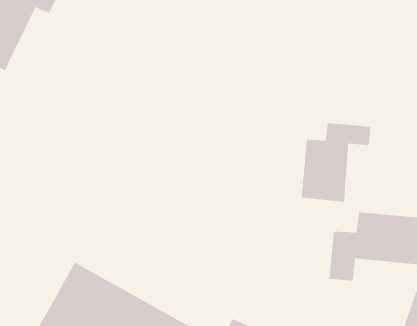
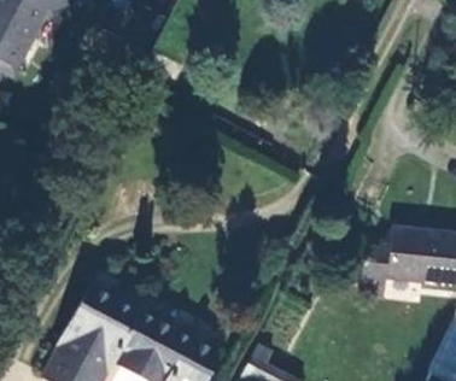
building: [301,123,371,203] -> none

